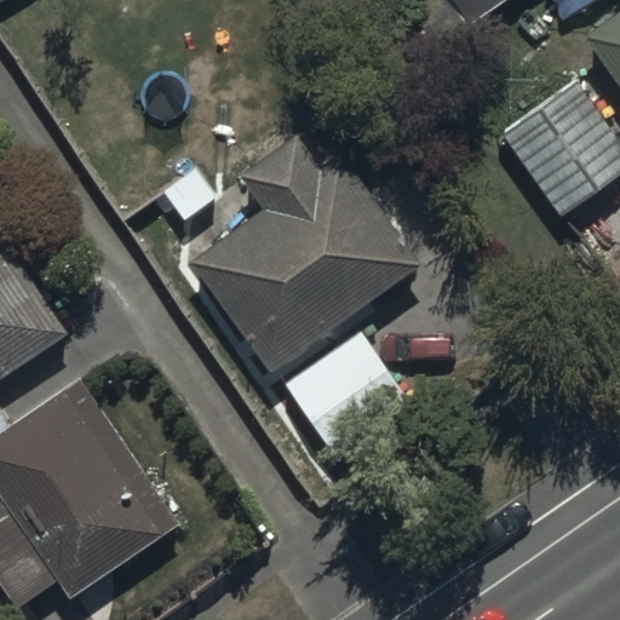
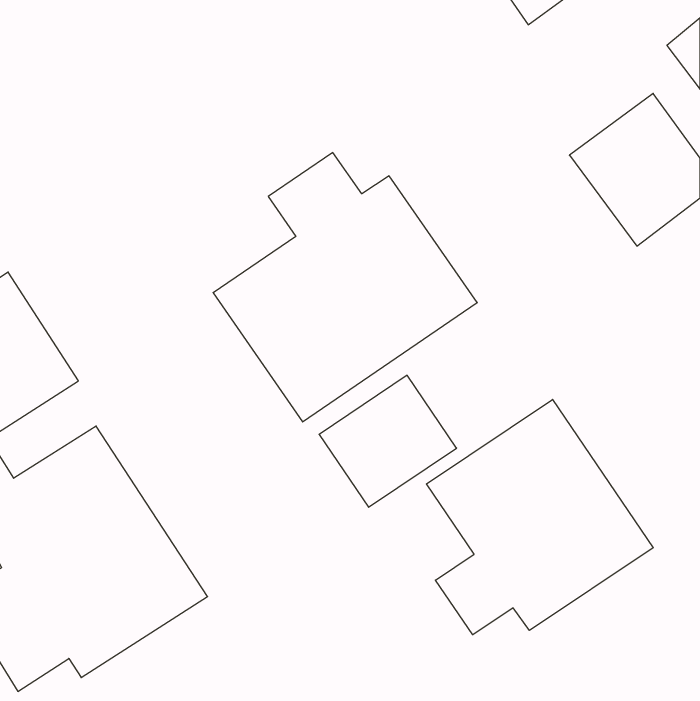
building: none -> [426,399,653,635]

